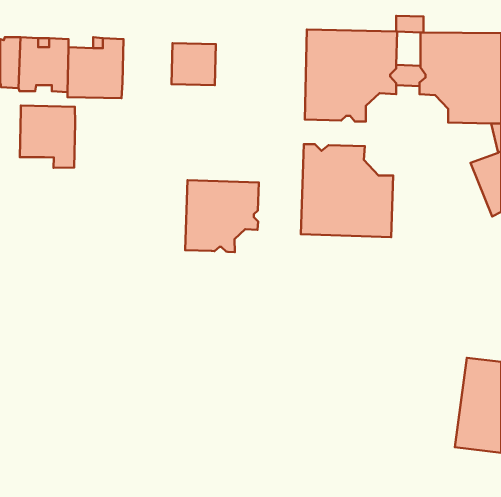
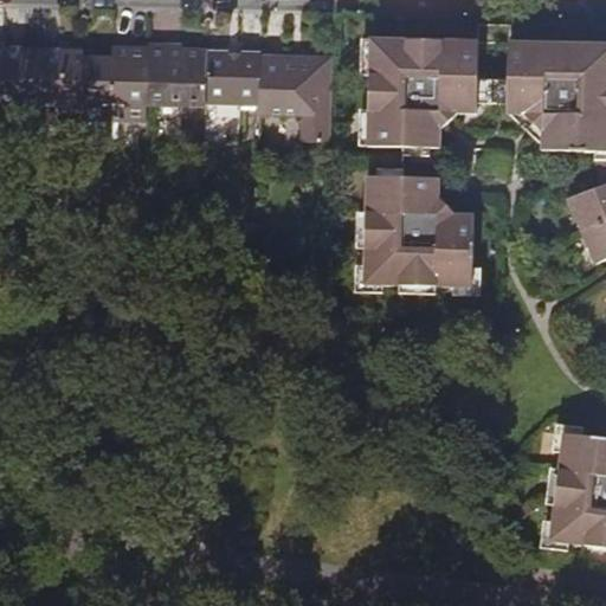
building: none -> [148,46,208,143]
building: none -> [259,53,333,141]
building: [20,105,75,168] -> none
building: [185,180,259,252] -> none

